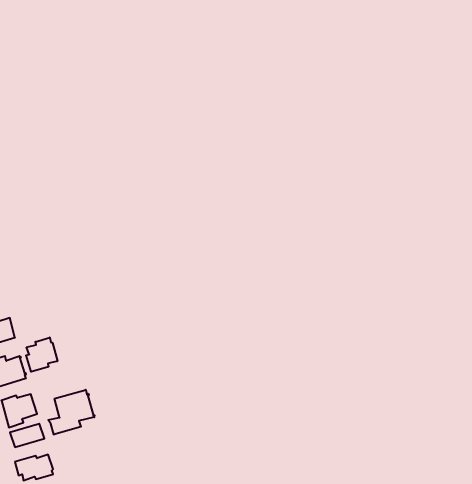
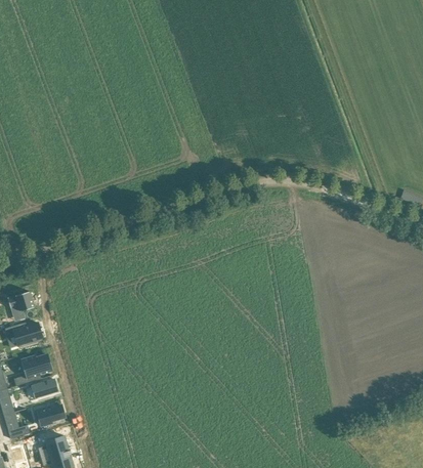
building: [26,337,57,372] -> none
building: [48,390,95,435] -> none

